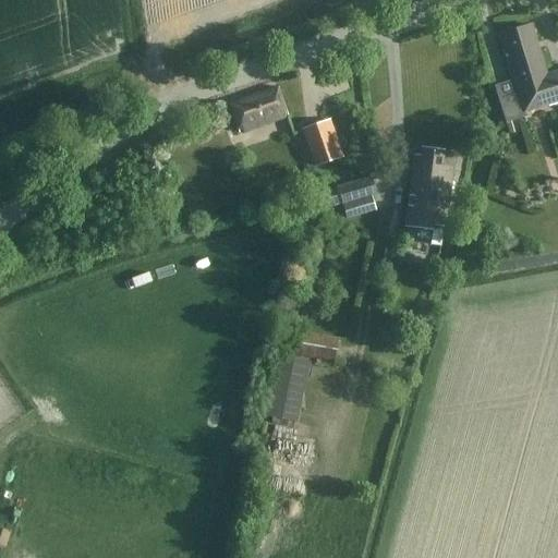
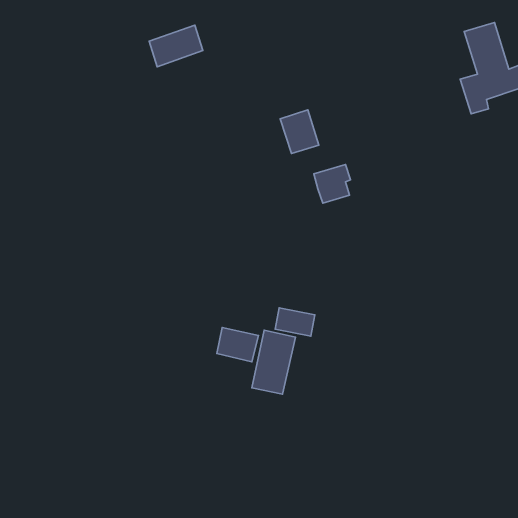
building: [230,86,288,131] -> [149,25,203,67]
building: [407,147,453,226] -> none
building: none -> [217,327,258,362]

